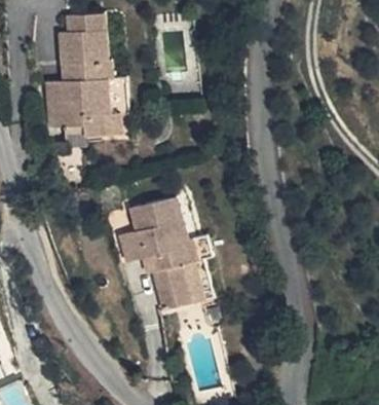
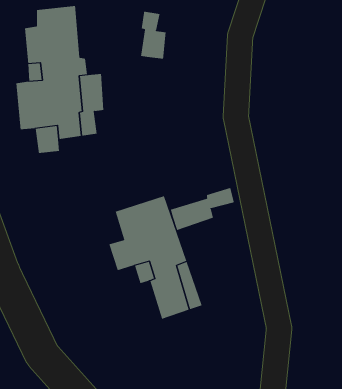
building: none -> [140,11,166,59]
building: none -> [170,187,235,231]

